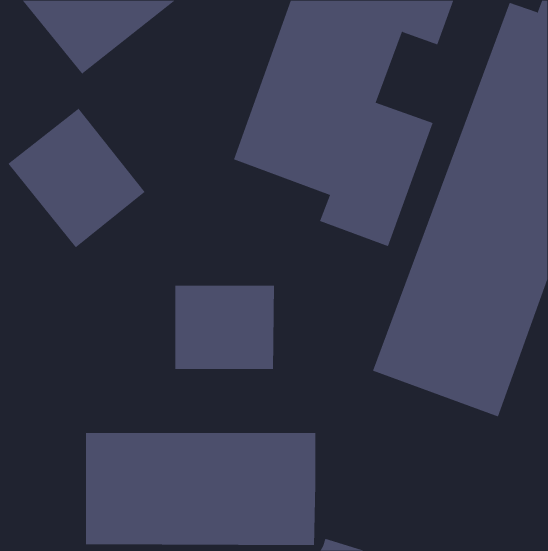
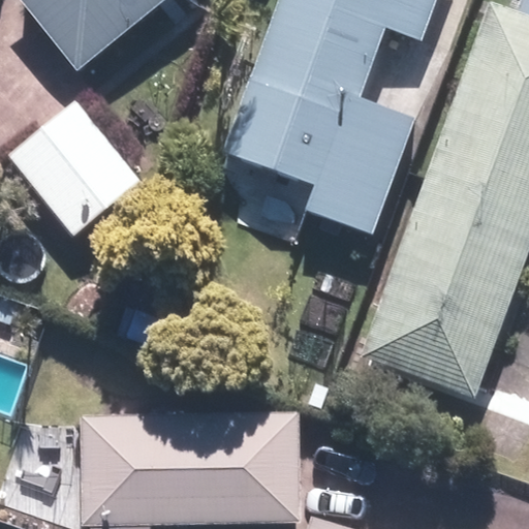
building: [175,285,274,370] -> none

